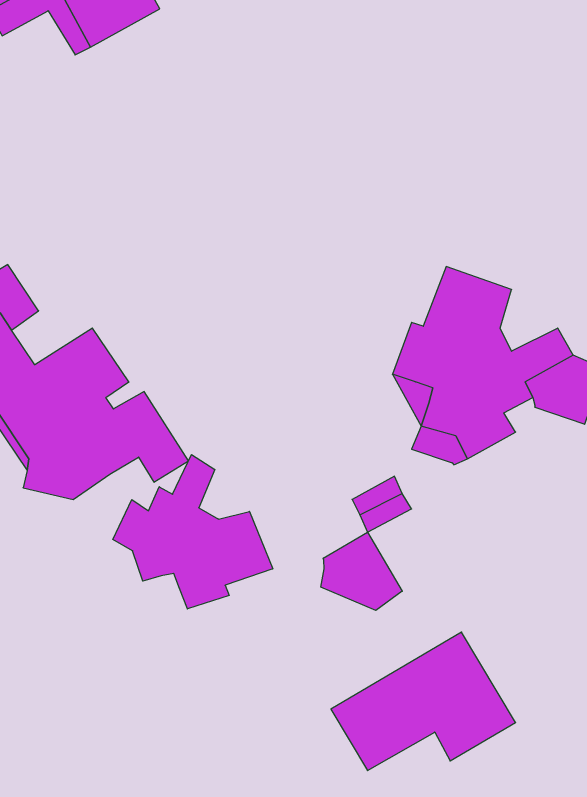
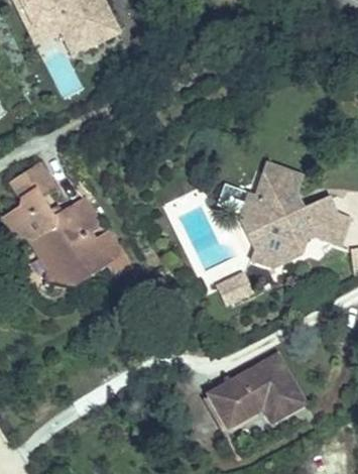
building: [113,455,273,609] -> none
building: [321,532,402,610] -> none

